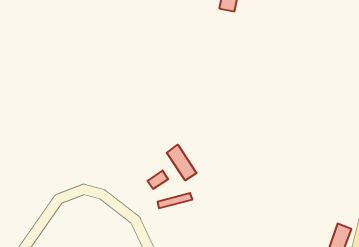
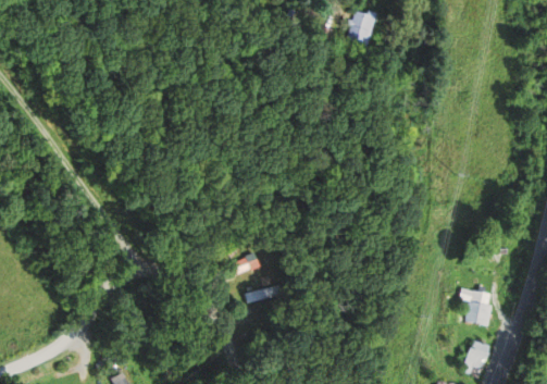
building: [167,145,197,180] -> none
building: none -> [462,288,492,324]

